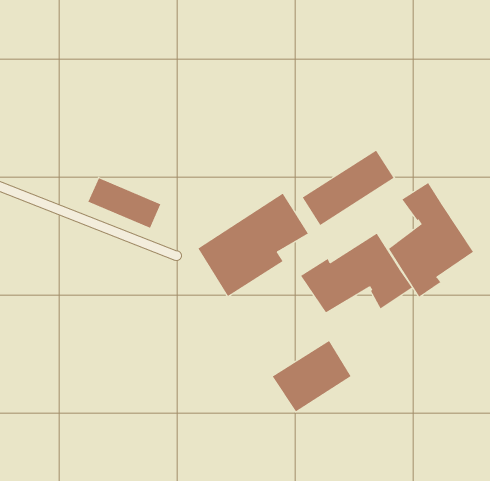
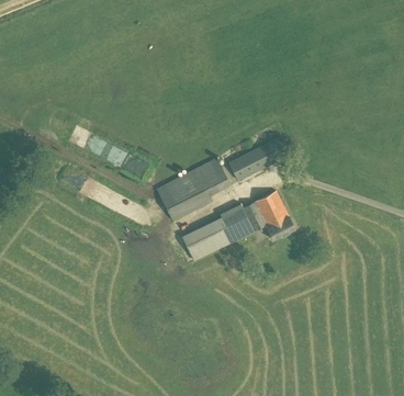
building: [388,182,474,297] -> none
building: [272,340,352,412] -> [181,216,234,261]

